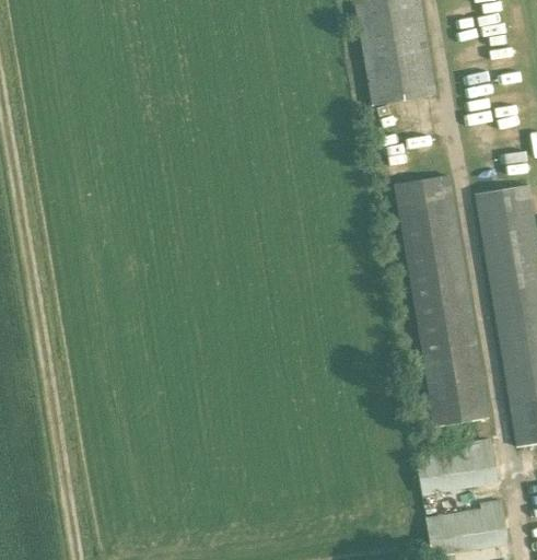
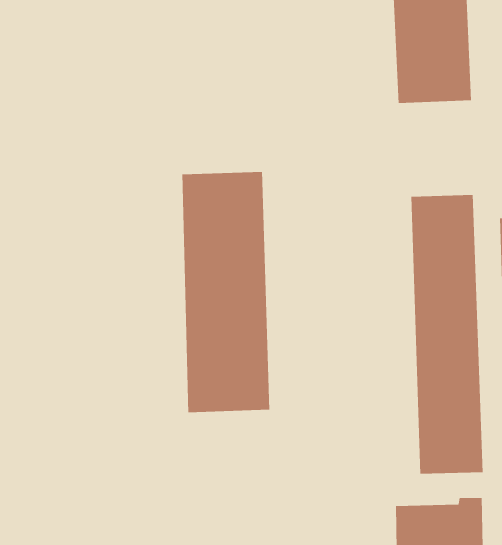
building: none -> [182,171,270,413]

